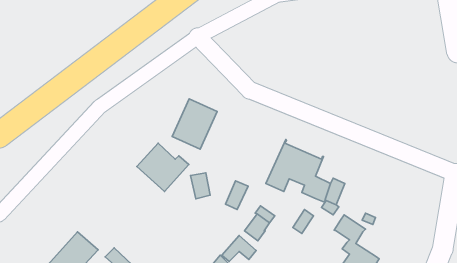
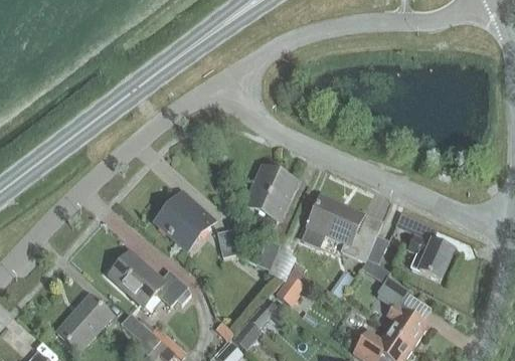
building: [172,99,217,149] -> [244,165,295,221]
building: none -> [407,235,453,281]
building: none -> [108,250,188,307]

